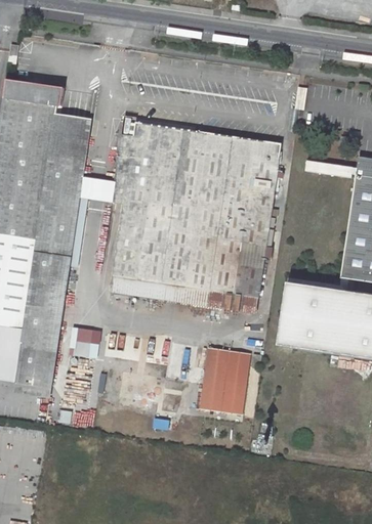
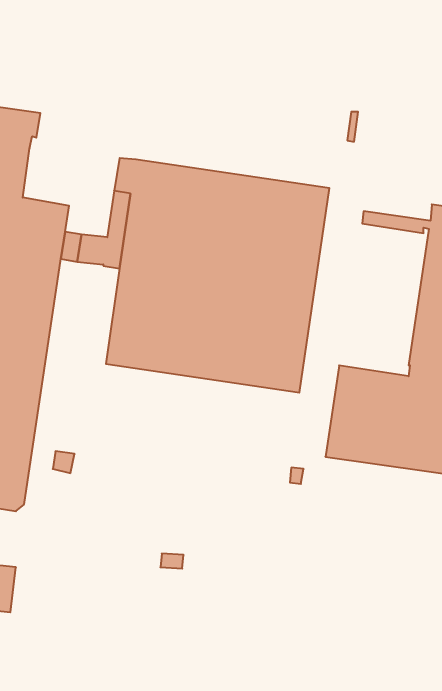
building: [50,114,91,157] -> none
building: [111,275,258,311] -> none
building: [199,346,249,413] -> none

